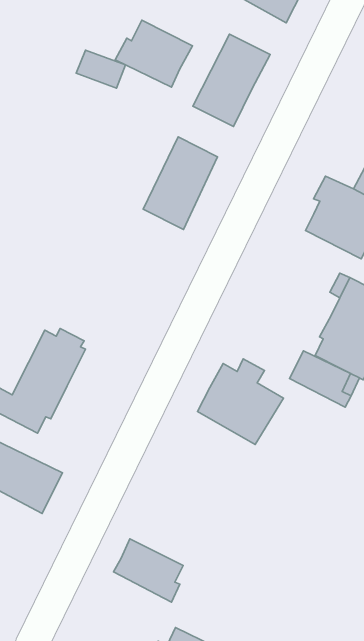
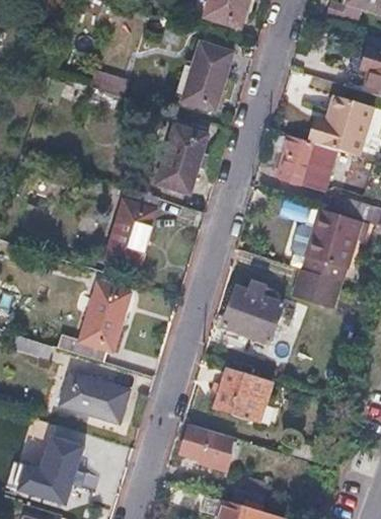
building: [115,20,192,87] -> none
building: none -> [108,188,160,266]
building: none -> [214,367,270,422]

